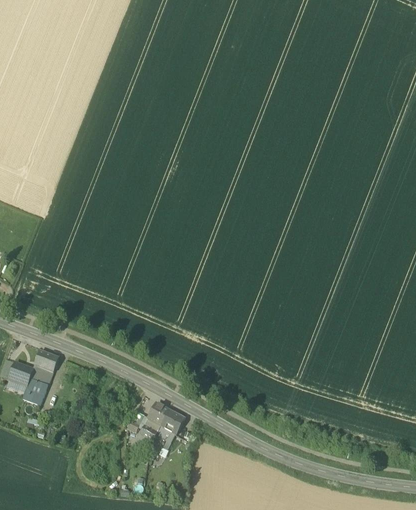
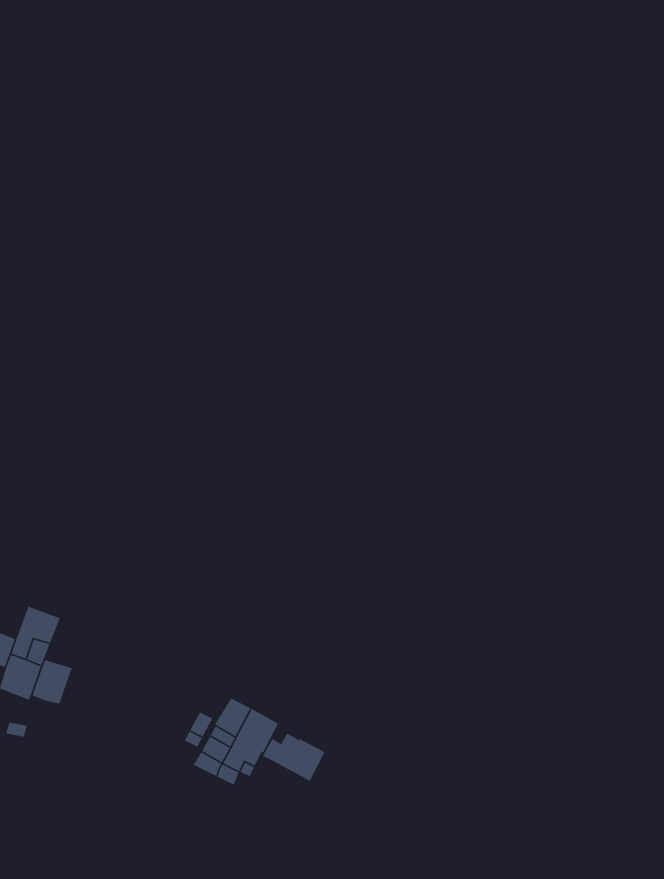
building: none -> [32,659,73,705]
building: none -> [262,732,325,782]

